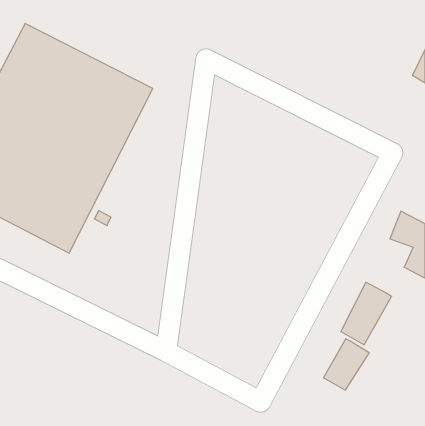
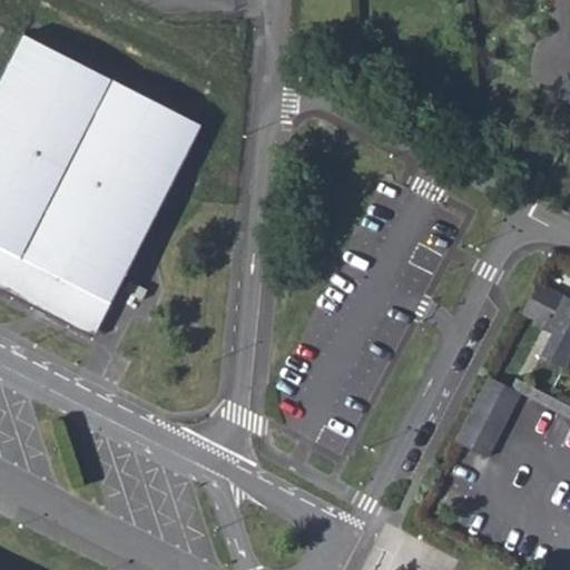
building: [324,339,369,390] -> none

